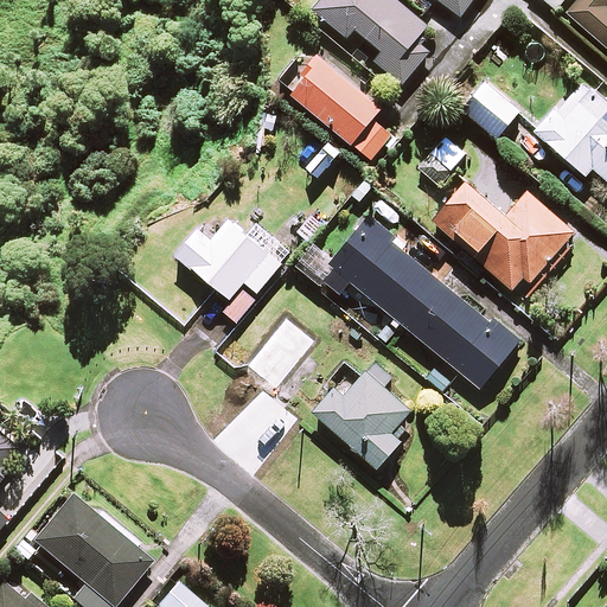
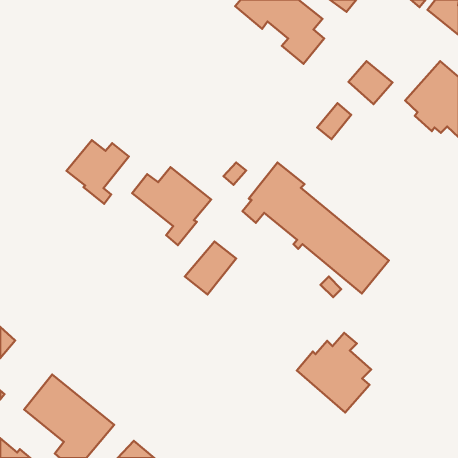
building: [287,57,391,160] -> none
building: [430,180,577,288] -> none
building: none -> [67,140,129,204]
building: [312,362,410,467] -> [297,333,371,413]

